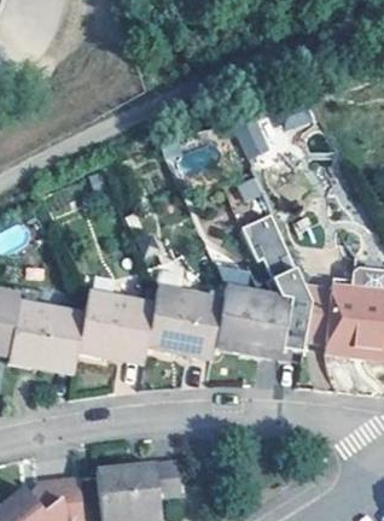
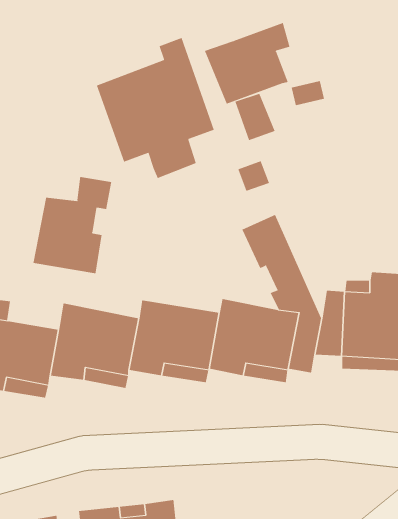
building: none -> [204,22,290,105]
building: none -> [96,37,214,179]
building: none -> [33,176,112,274]

